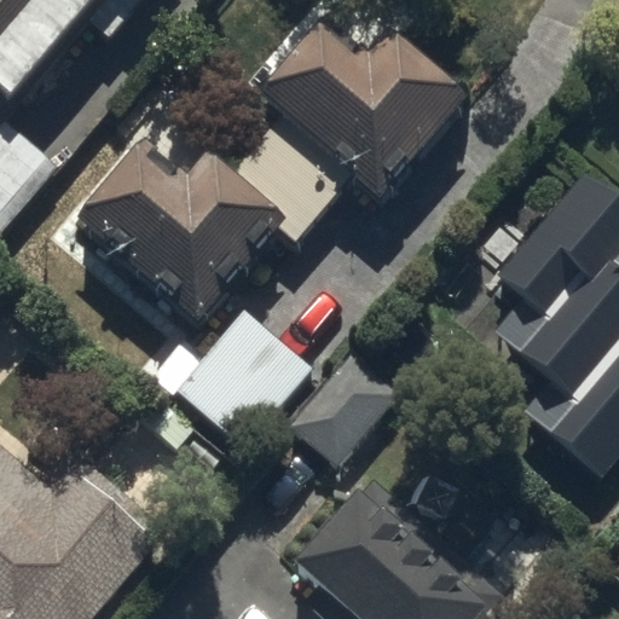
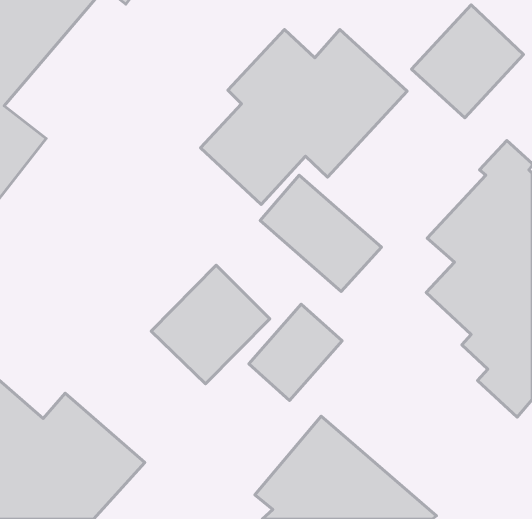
building: none -> [411,5,524,118]
building: [77,143,285,331] -> none
building: none -> [260,175,381,292]

